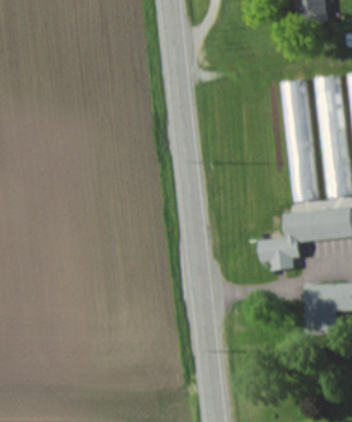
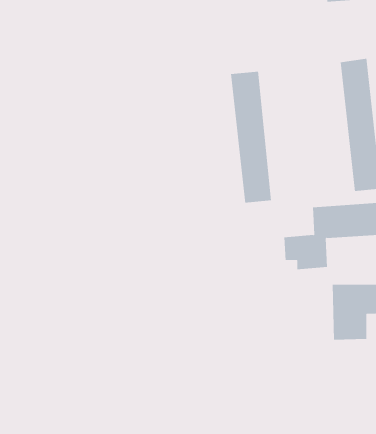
building: [279,79,317,201] -> [230,71,272,203]

